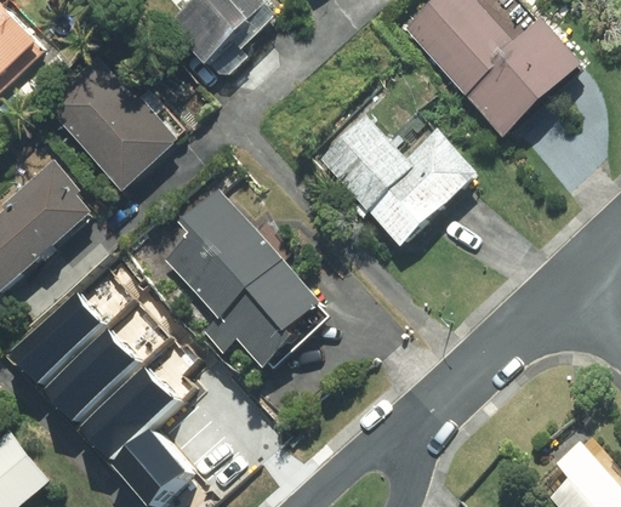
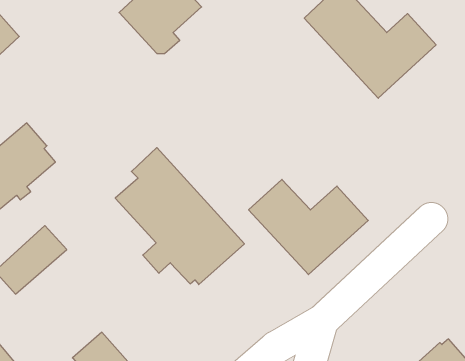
building: [45,56,186,187] -> none
building: [325,121,478,243] -> [249,179,368,275]
building: [45,330,137,418] -> none
building: [80,369,172,457] -> none

